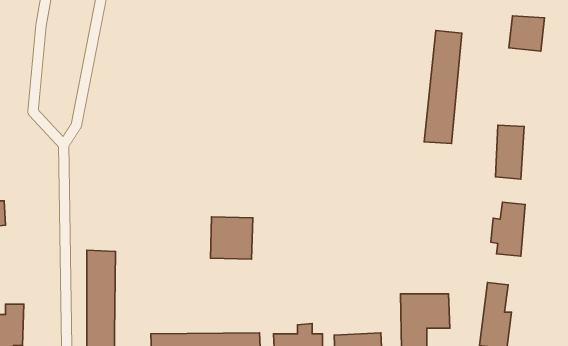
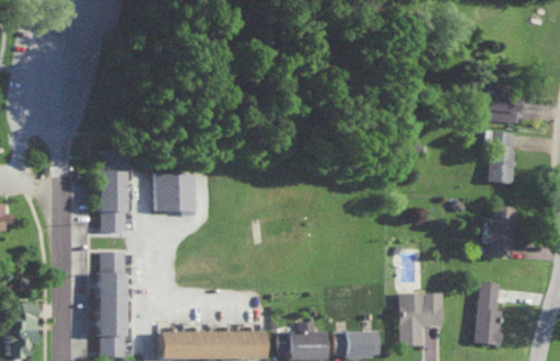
building: [509,16,544,51] -> [488,91,522,125]
building: [424,30,462,143] -> none
building: none -> [100,149,126,233]
building: [210,217,253,259] -> [155,173,196,213]

